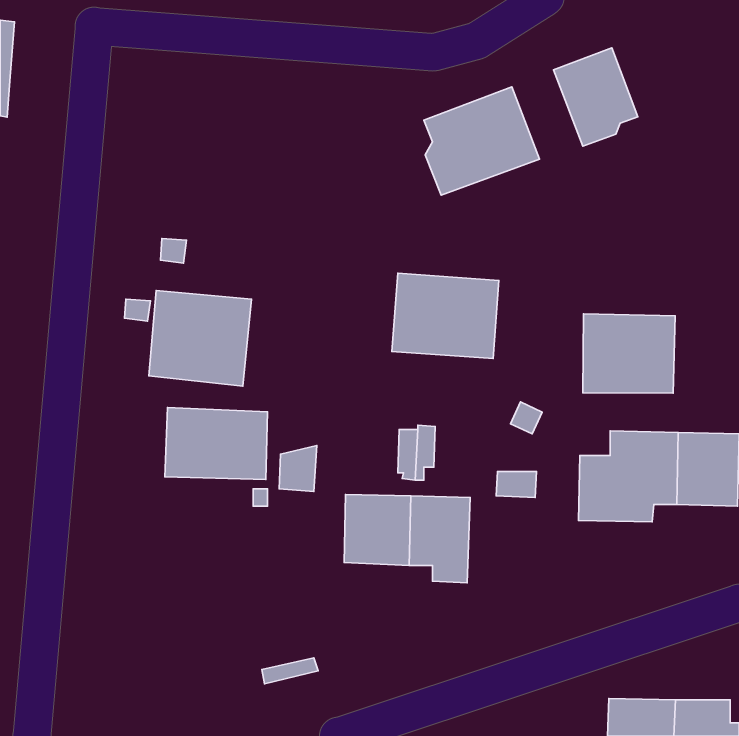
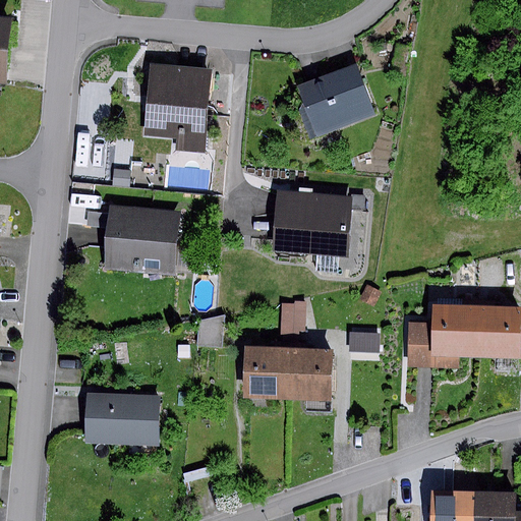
building: [553,48,638,146] -> none
building: none -> [147,64,212,152]
building: [583,314,675,393] -> none
building: [165,407,267,480] -> [86,393,159,444]

